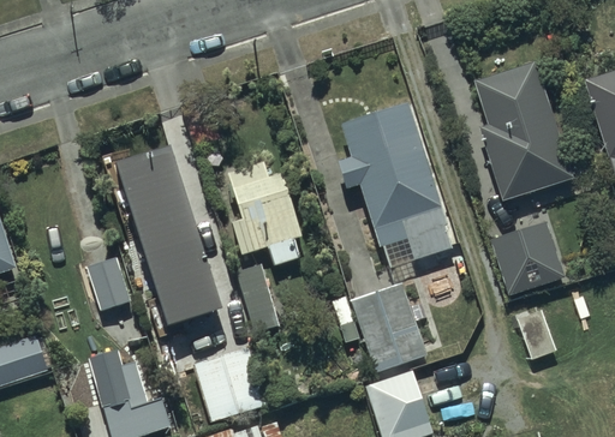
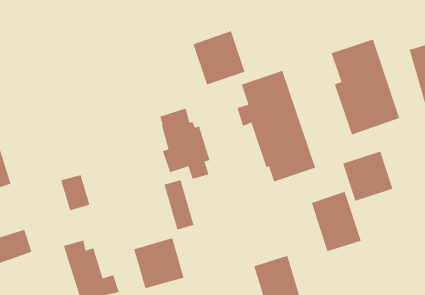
building: none -> [192,30,246,86]
building: [108,148,225,330] -> none
building: [353,283,426,371] -> [311,191,362,252]

